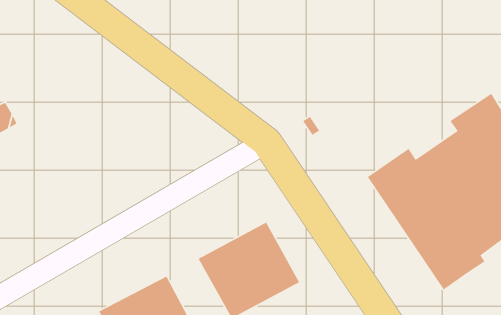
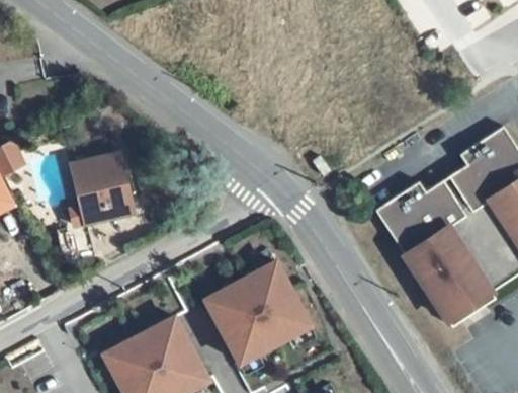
building: none -> [57,153,132,262]

